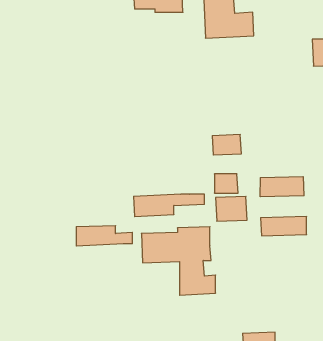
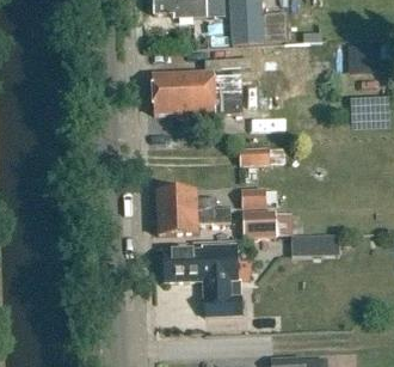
building: none -> [153,72,242,118]
building: [260,177,304,197] -> none
building: [76,226,132,246] -> [154,190,214,212]

